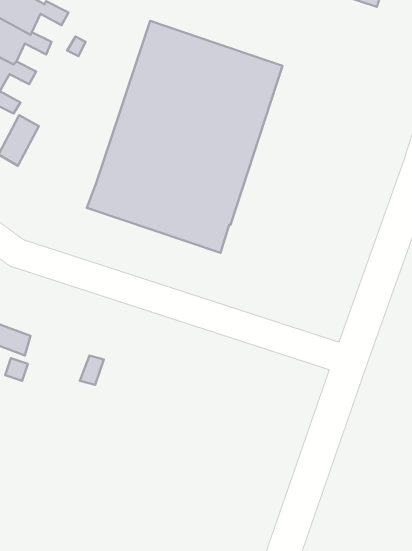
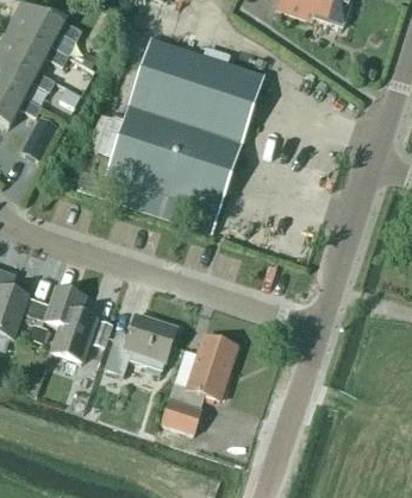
building: none -> [45,286,96,361]
building: none -> [105,313,176,373]
building: none -> [161,335,237,433]

